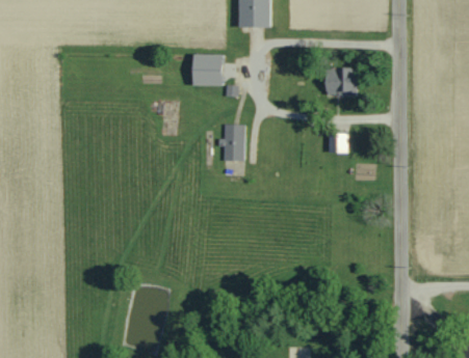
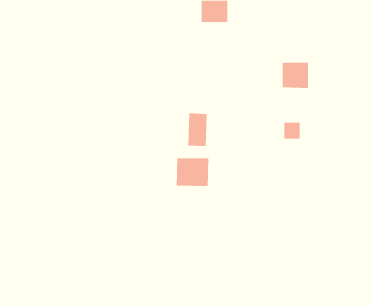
building: [191,51,222,83] -> none
building: none -> [176,157,209,187]

